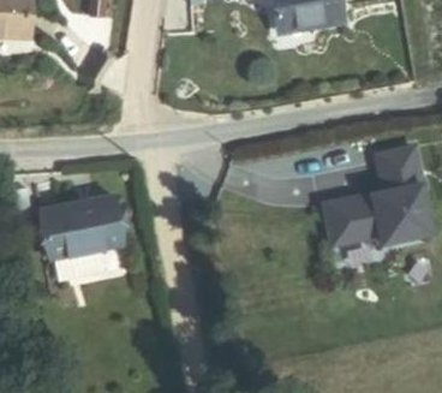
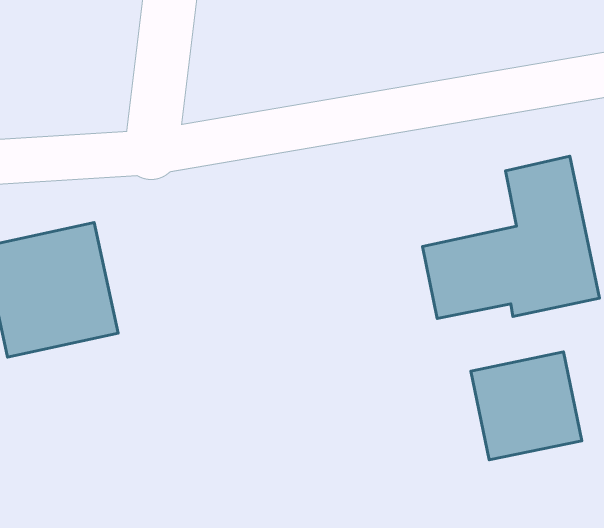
building: none -> [471,352,582,460]

